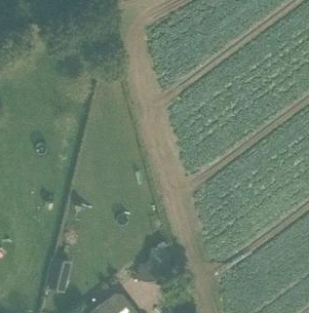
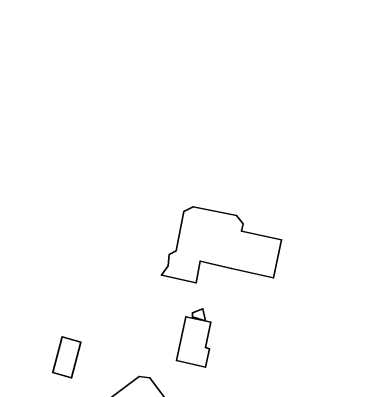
building: none -> [161,207,282,283]

